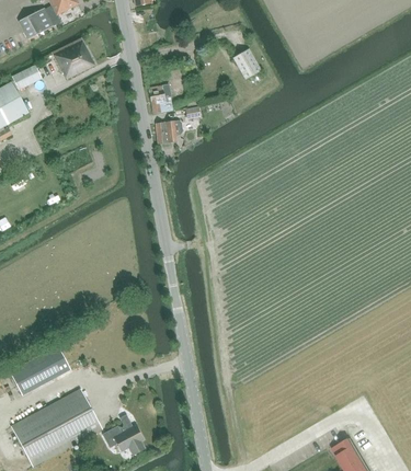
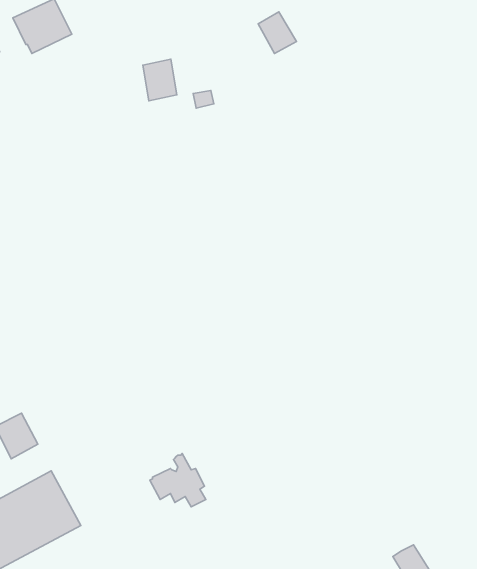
building: [153,119,181,143] -> none
building: [101,414,142,453] -> [150,454,206,507]

